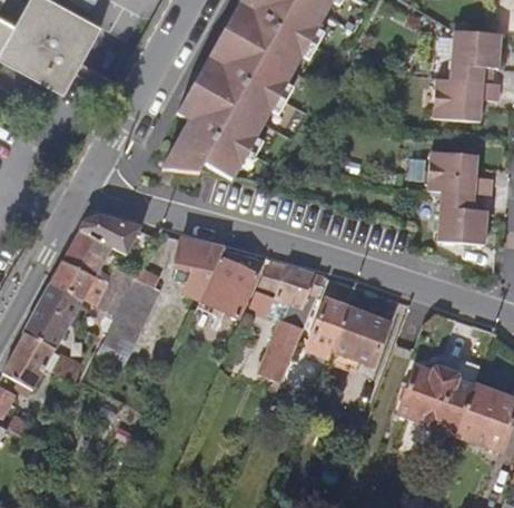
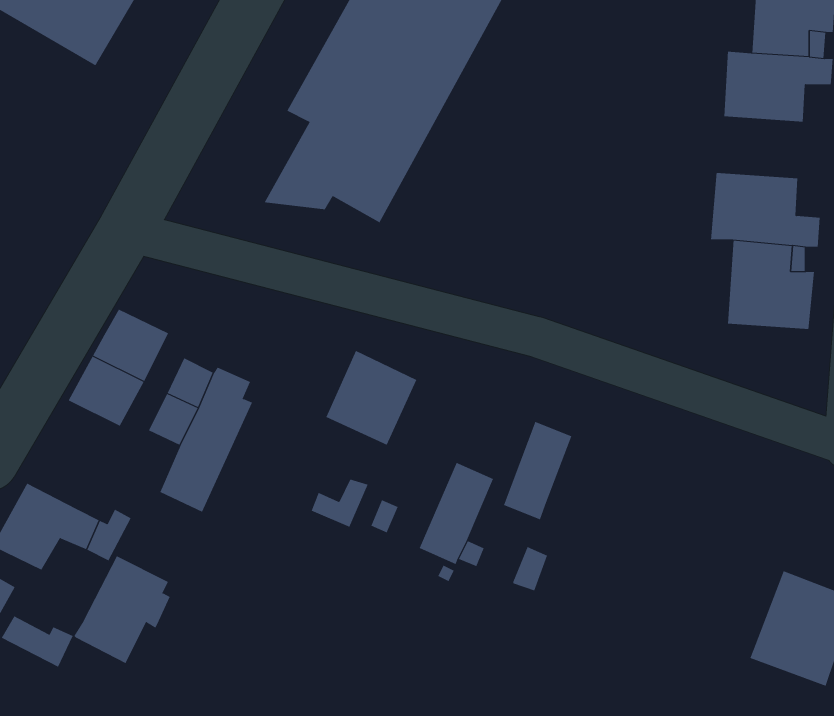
building: [77,214,138,253] -> none
building: [179,237,221,300] -> none
building: [239,258,314,329] -> none
building: [21,285,79,350] -> [74,556,171,664]
building: [332,306,385,362] -> none
building: [399,353,482,433] -> none

